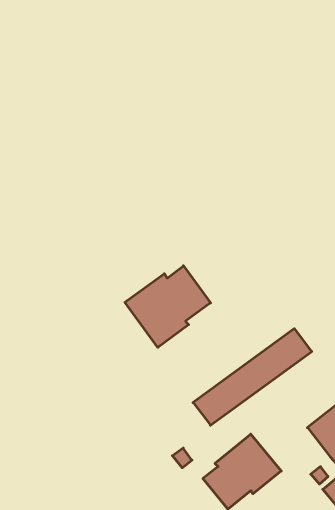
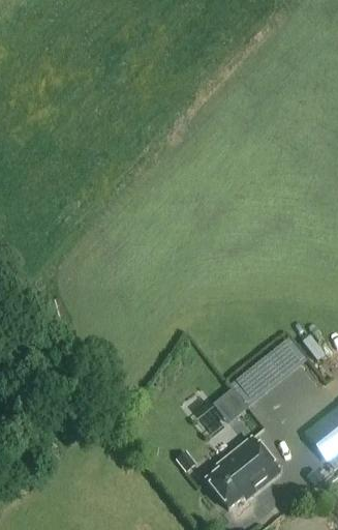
building: [125,266,211,347] -> none

